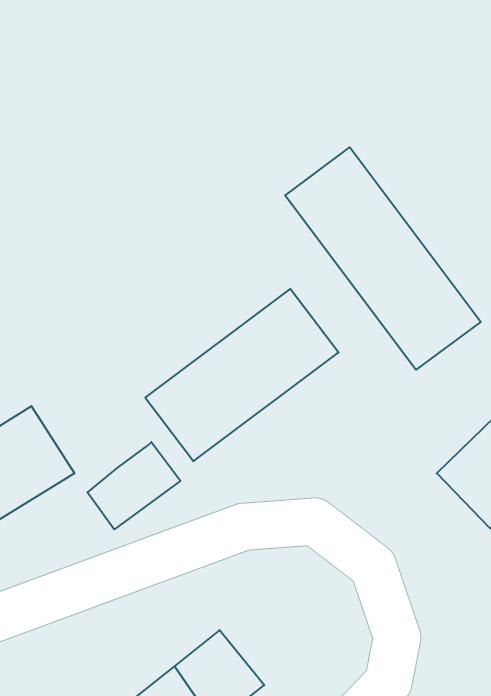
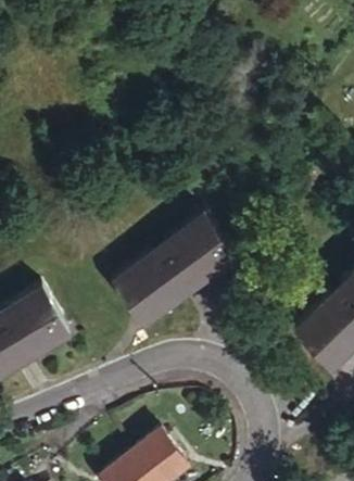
building: [285,147,481,370] -> none
building: [87,442,180,529] -> none

